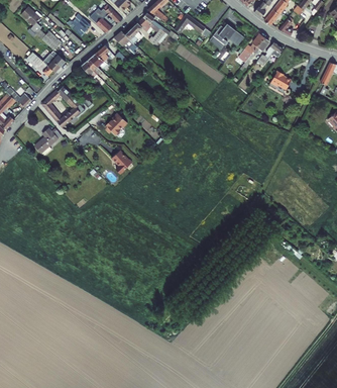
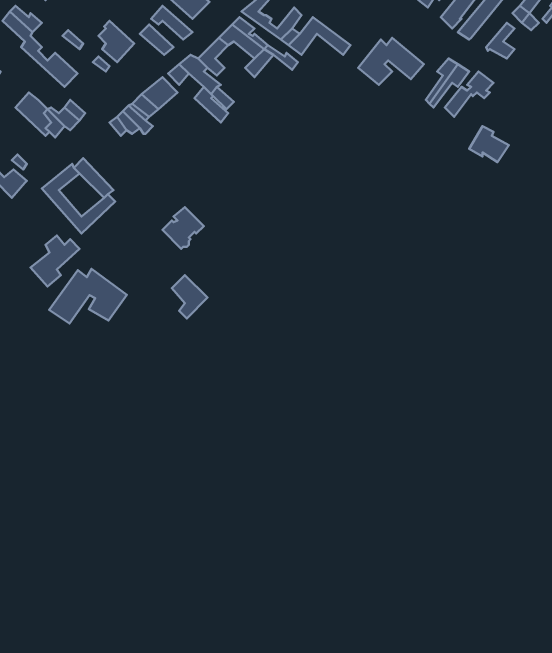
building: none -> [49,269,127,323]

